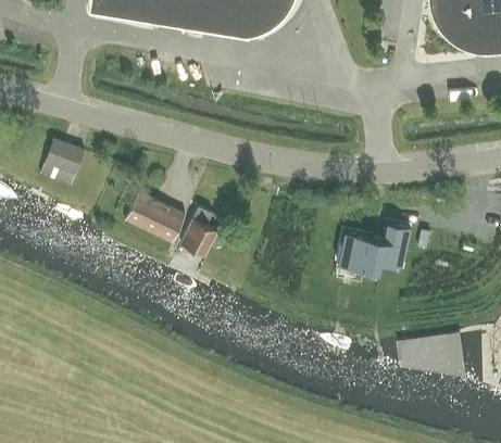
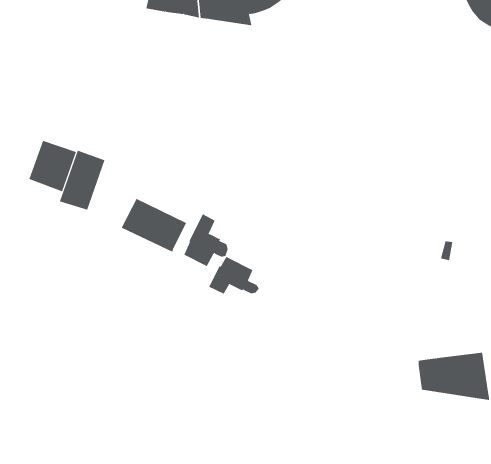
building: none -> [59,150,105,210]
building: [338,224,411,273] -> none
building: none -> [208,256,259,295]

